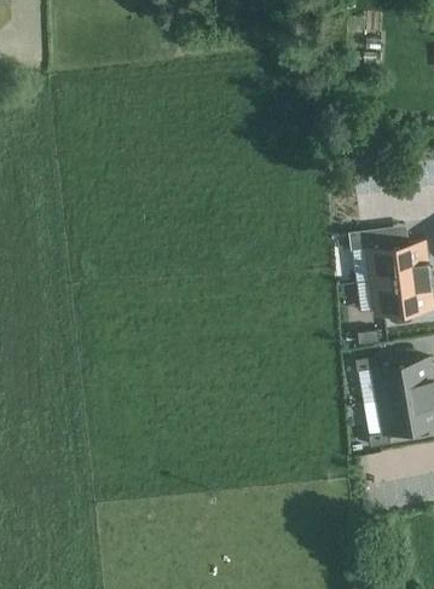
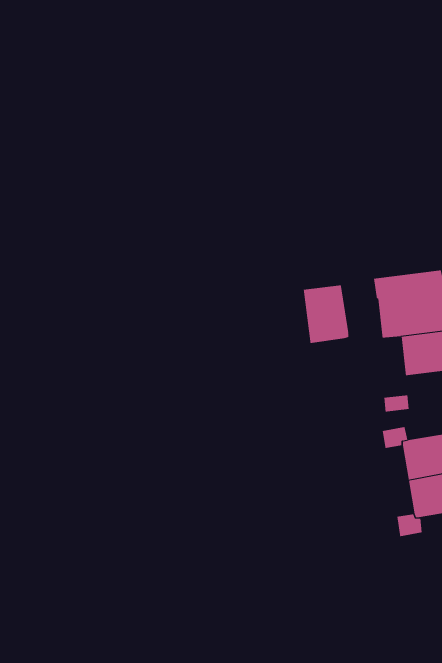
building: none -> [303,285,349,344]

